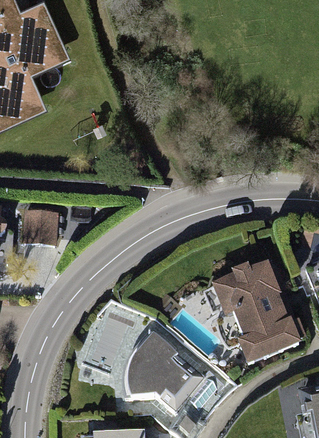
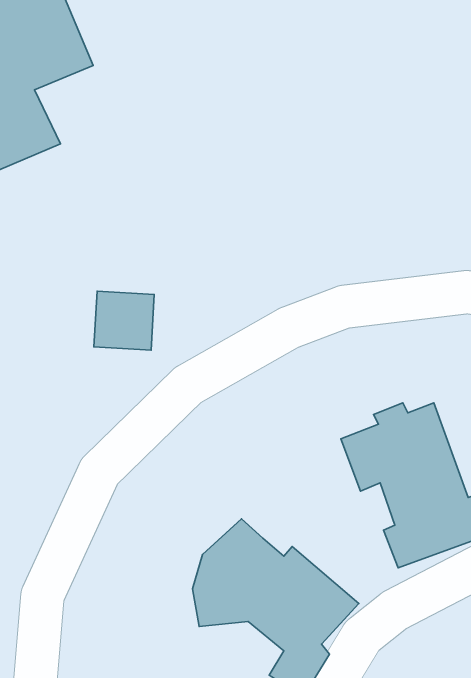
building: [20,212,57,248] -> [94,291,154,350]

